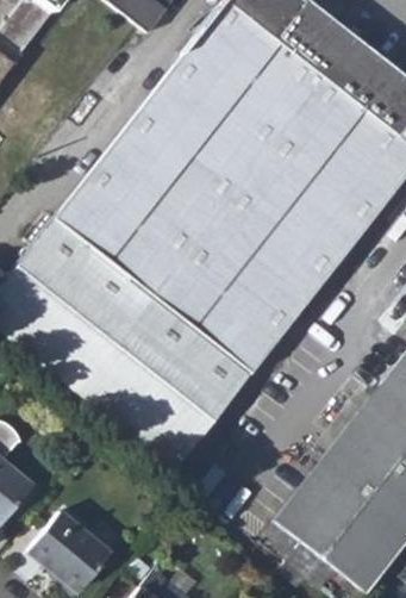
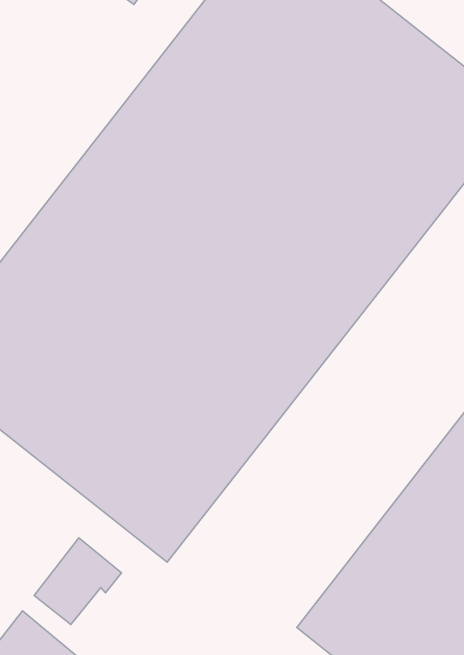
building: none -> [34,538,121,624]

